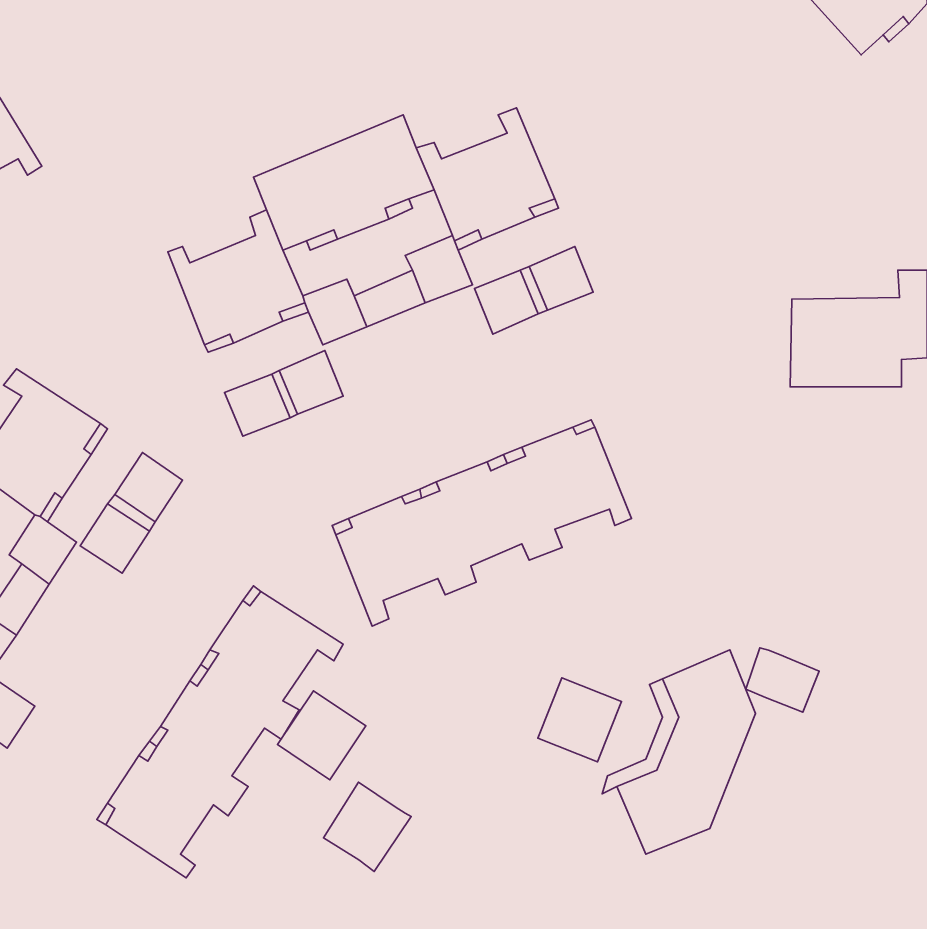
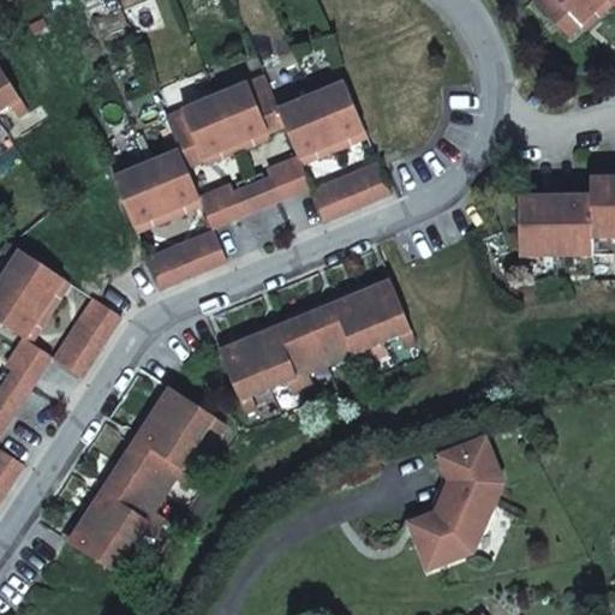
building: [746,648,819,712] -> none
building: [538,678,622,762] -> none
building: [277,691,366,780] -> none
building: [324,782,411,872] -> none

